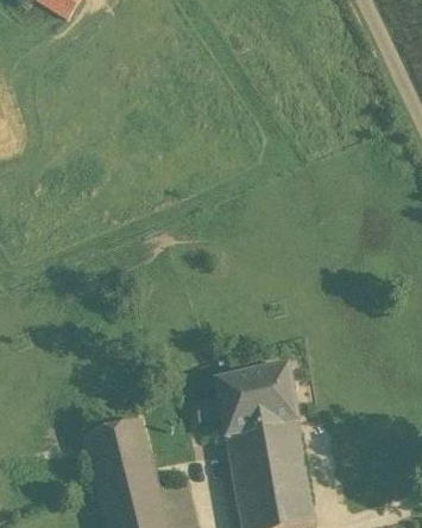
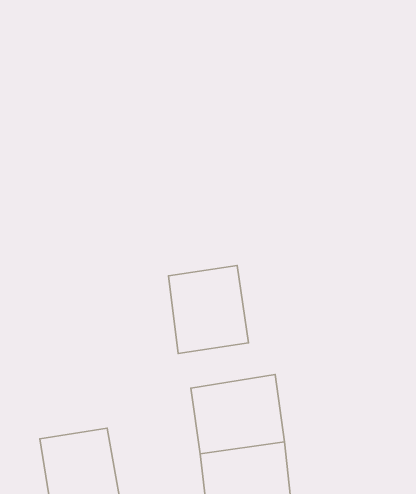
building: none -> [168,266,248,354]

